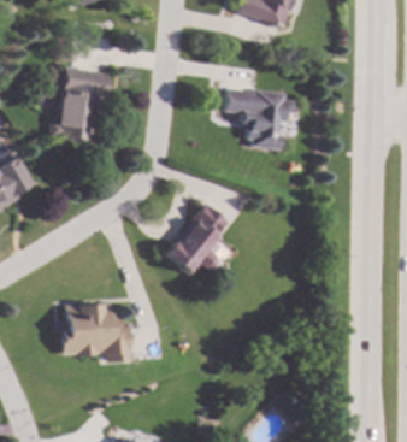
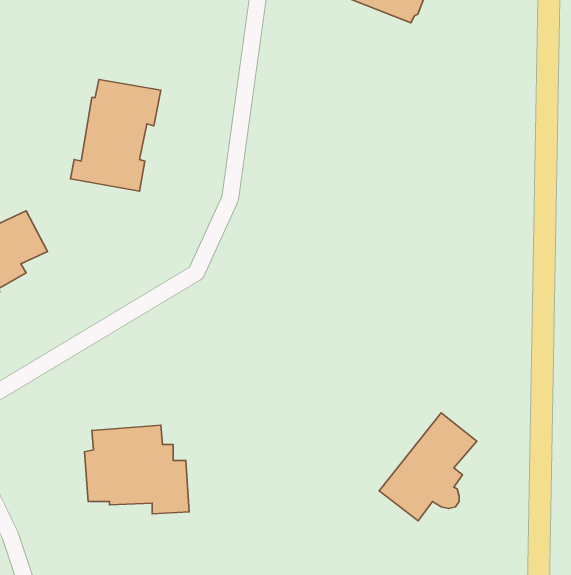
building: [226,88,296,149] -> none
building: [164,202,230,276] -> [379,413,477,521]

